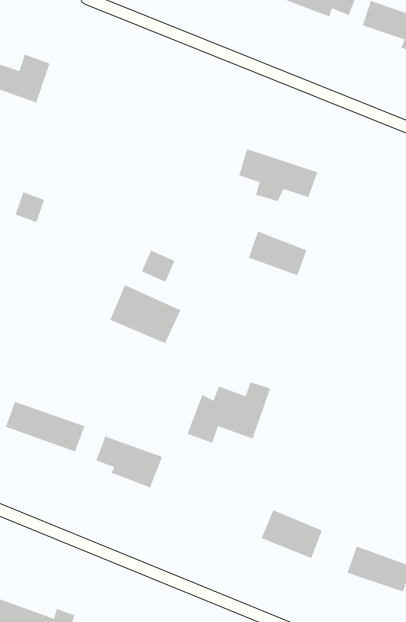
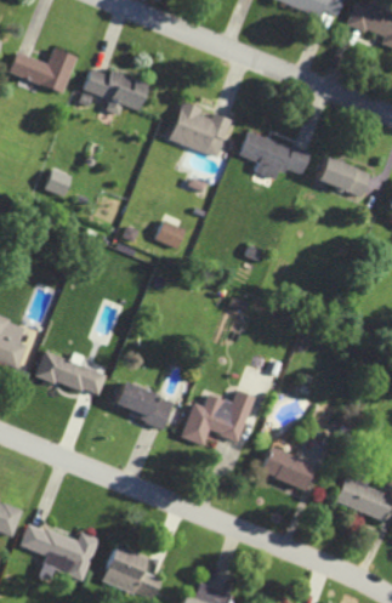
building: none -> [83,68,147,115]
building: none -> [169,101,232,158]
building: [248,230,308,276] -> [318,157,370,197]
building: [109,284,182,344] -> none
building: [186,381,271,444] -> [181,391,255,445]

